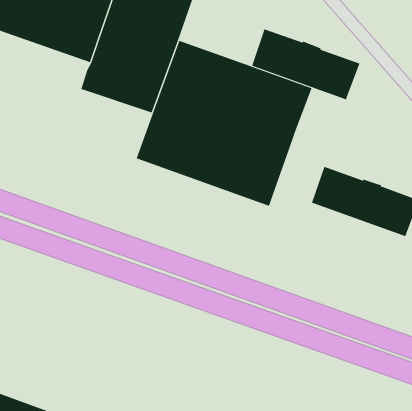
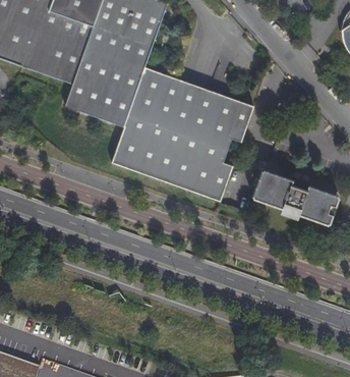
building: [251,28,360,100] -> none

